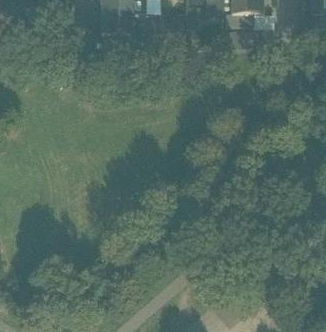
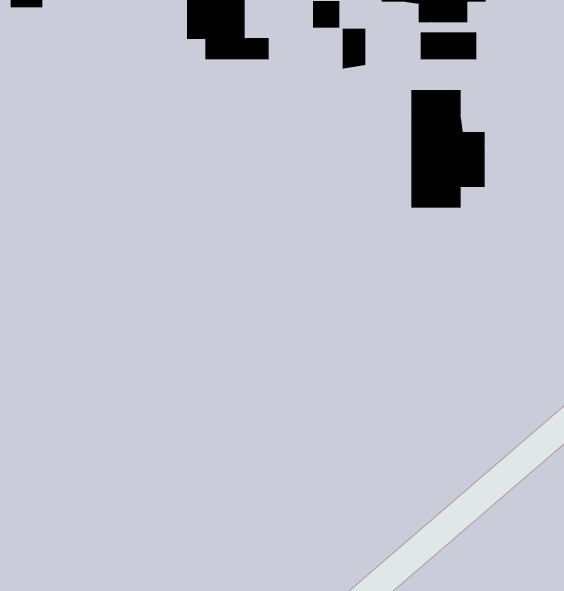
building: none -> [411,89,485,209]

